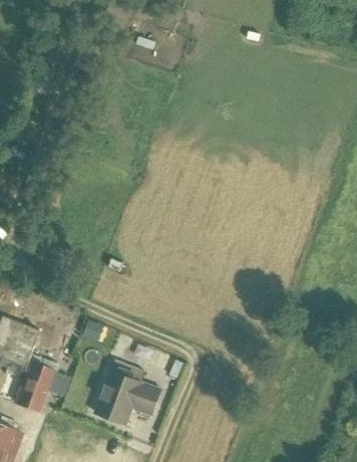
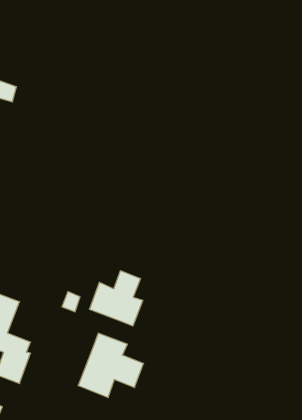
building: none -> [89,271,143,326]

